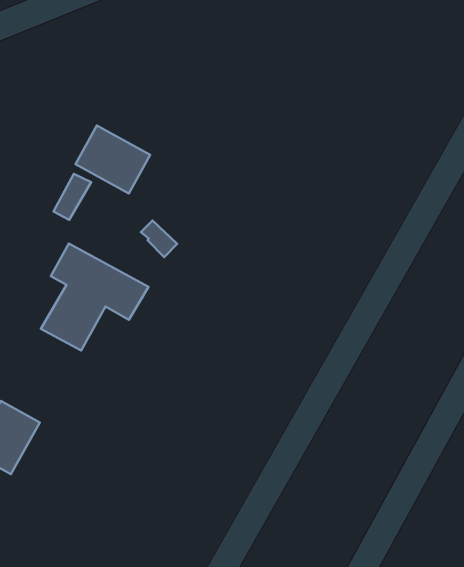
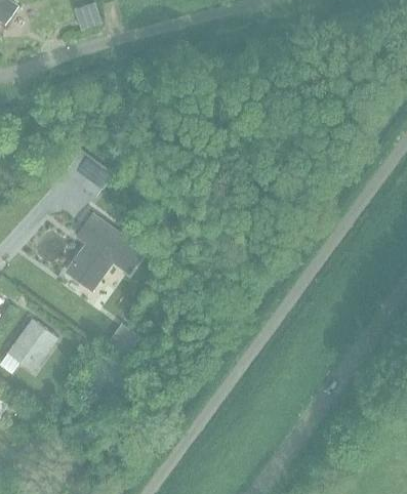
building: [75,126,150,194] -> none

